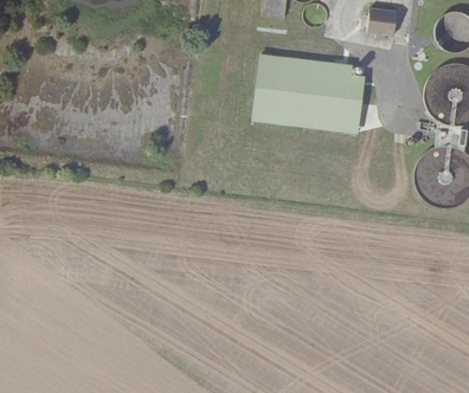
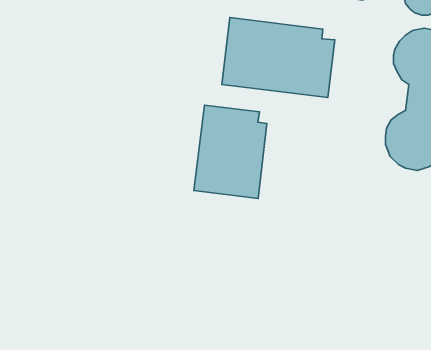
building: none -> [194,105,267,198]

